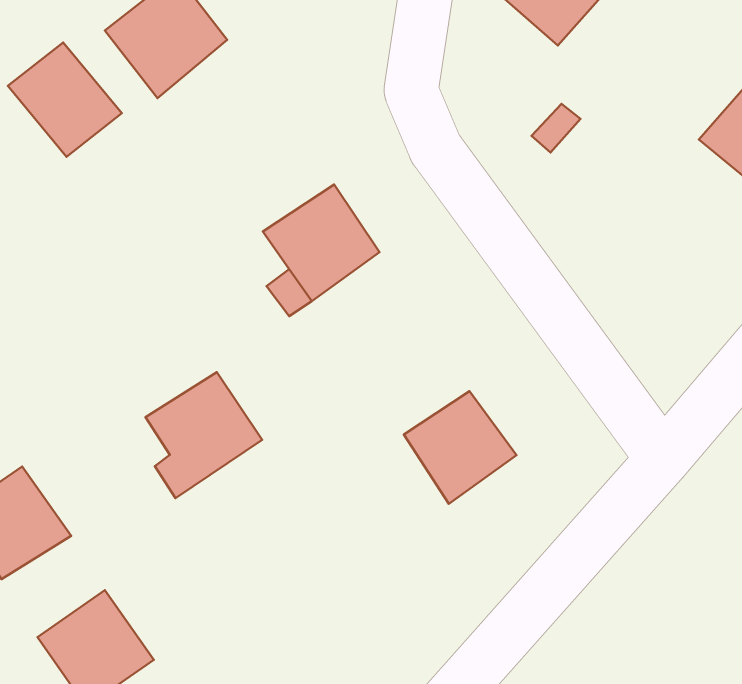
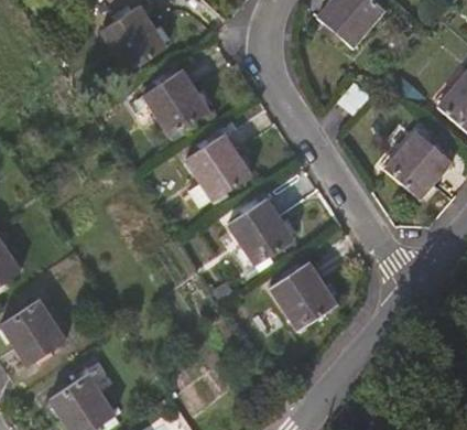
building: [8,42,122,157] -> none
building: none -> [140,67,206,135]
building: none -> [381,133,449,203]
building: [146,372,262,498] -> [222,192,291,266]

